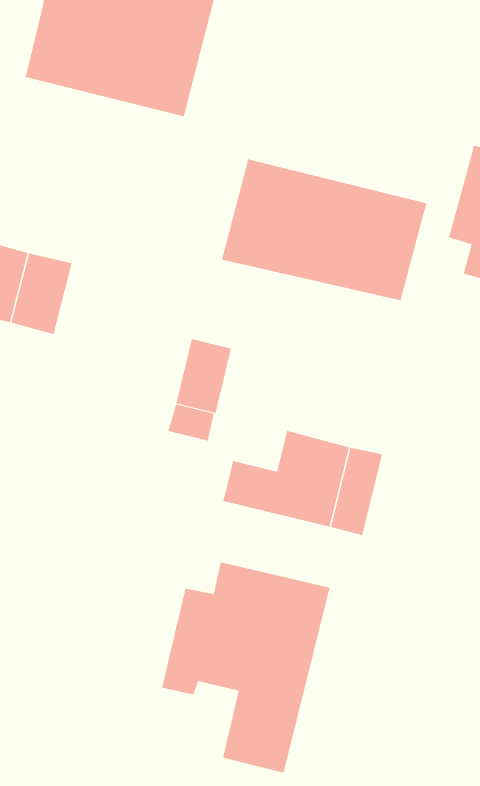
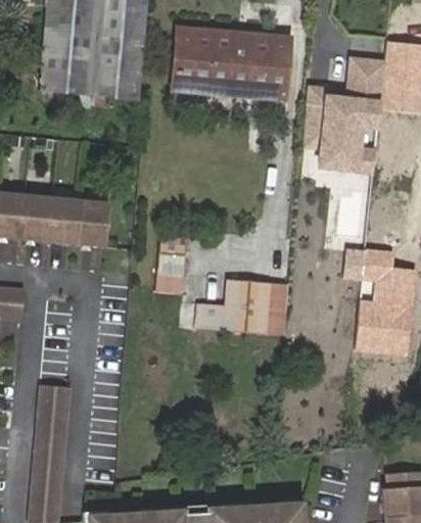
building: [221,159,427,301] -> [170,31,288,101]
building: none -> [78,198,109,245]
building: [162,562,330,773] -> none

